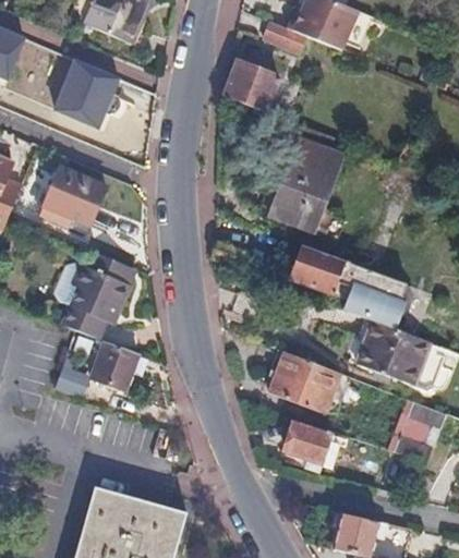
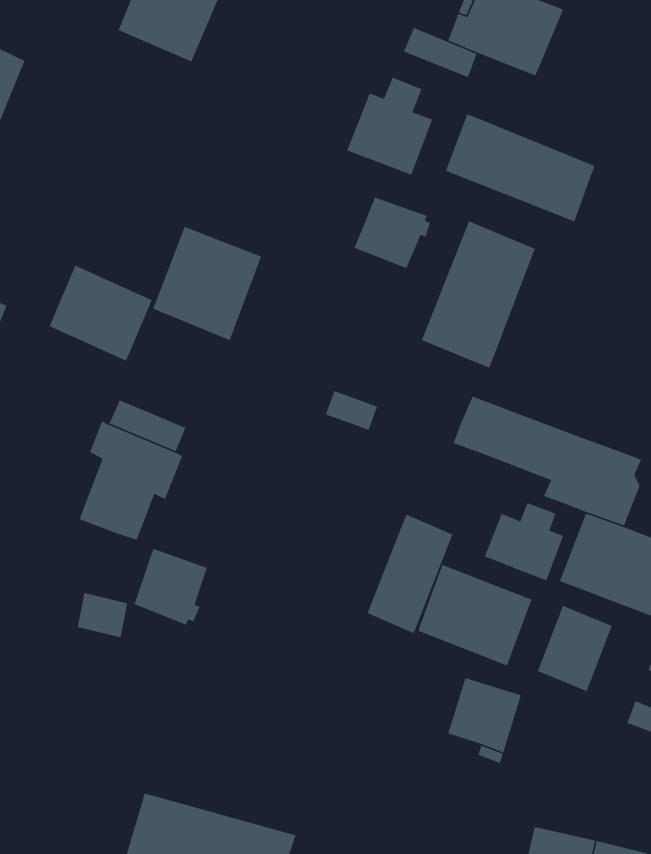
building: [51,61,119,132] -> [152,226,262,341]
building: none -> [445,113,596,223]
building: none -> [353,197,431,269]
building: none -> [484,502,564,582]
building: none -> [367,514,454,634]
building: none -> [537,605,613,692]

